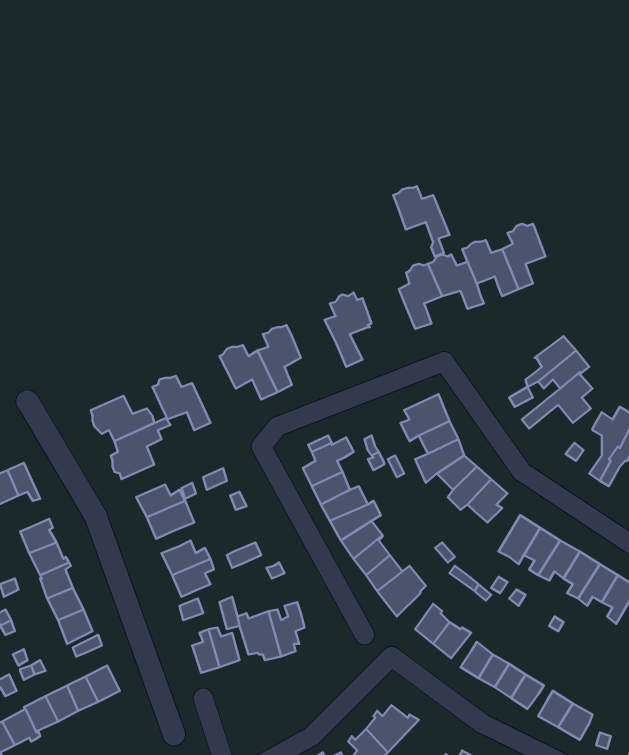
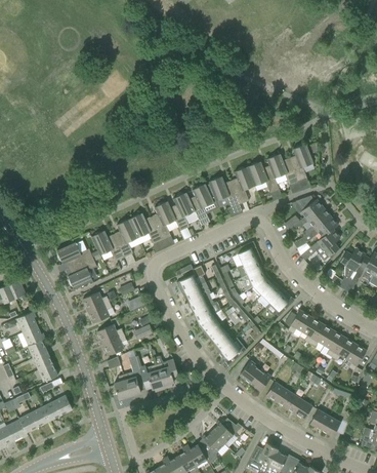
building: [393,186,449,257] -> [208,176,240,216]
building: none -> [170,193,195,231]
building: none -> [284,196,324,230]
building: none -> [114,220,138,258]

